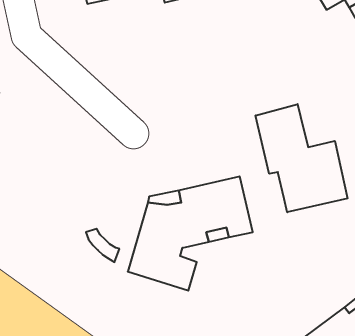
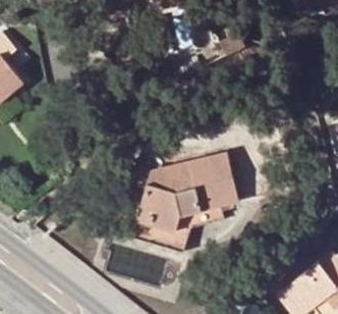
building: [256,104,348,212] -> none

